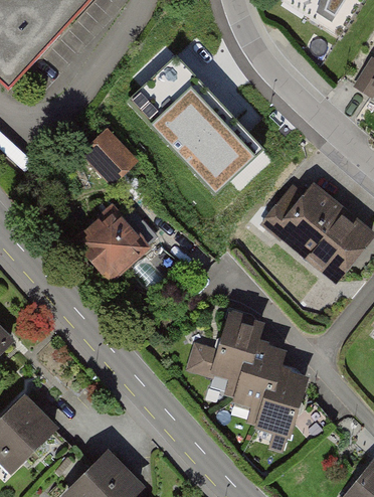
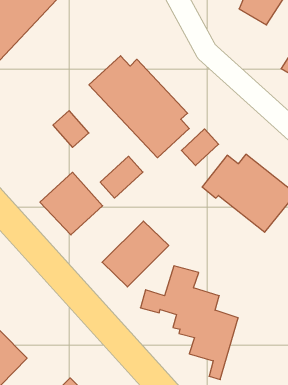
building: none -> [181,129,219,166]
building: none -> [100,156,143,198]
building: none -> [102,221,169,287]

